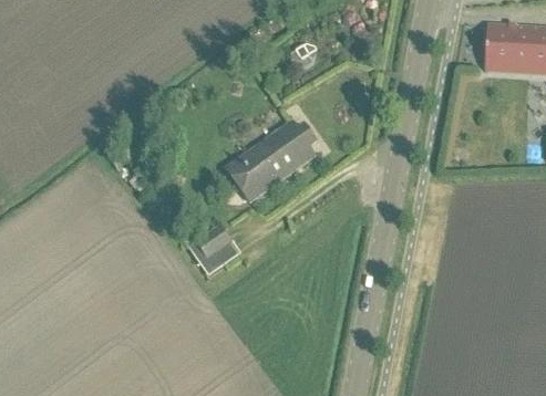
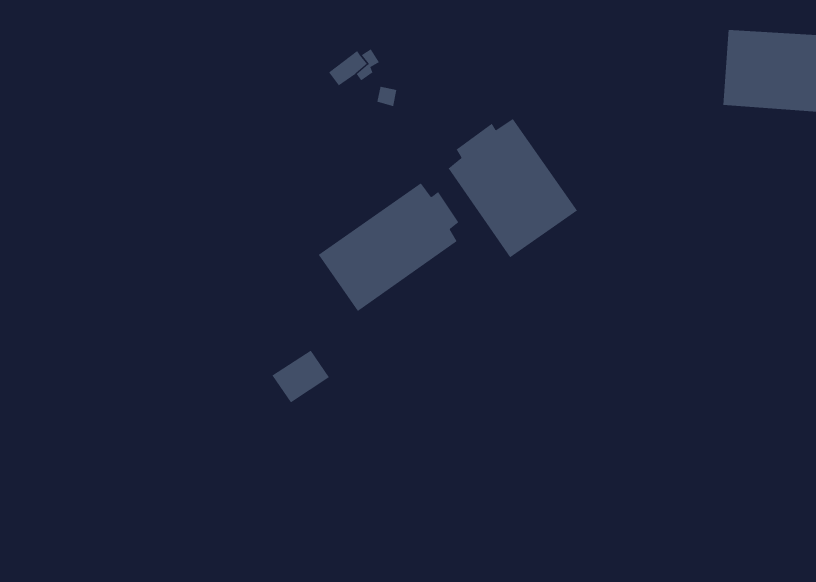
building: none -> [448,118,578,258]

